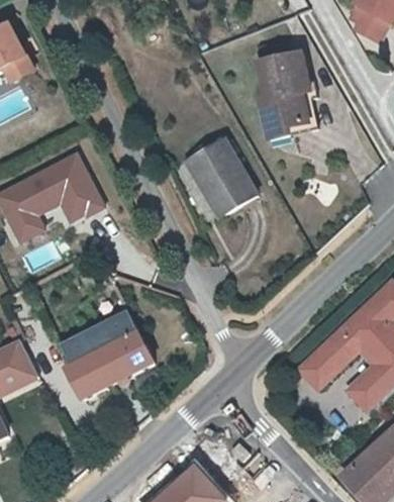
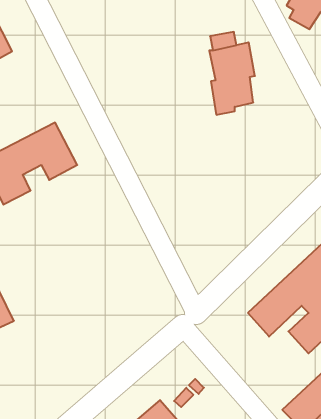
building: [187,138,256,213] -> none
building: [63,312,153,398] -> none

